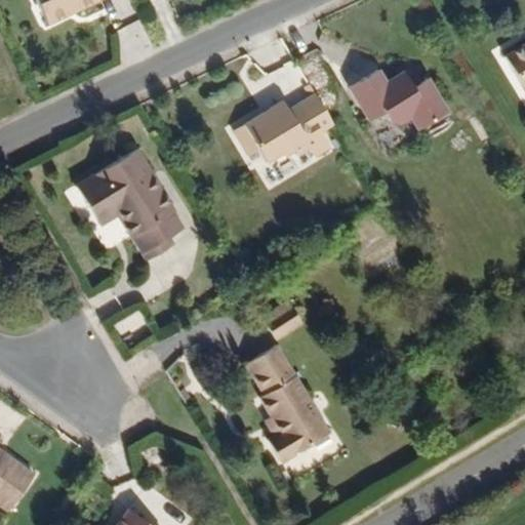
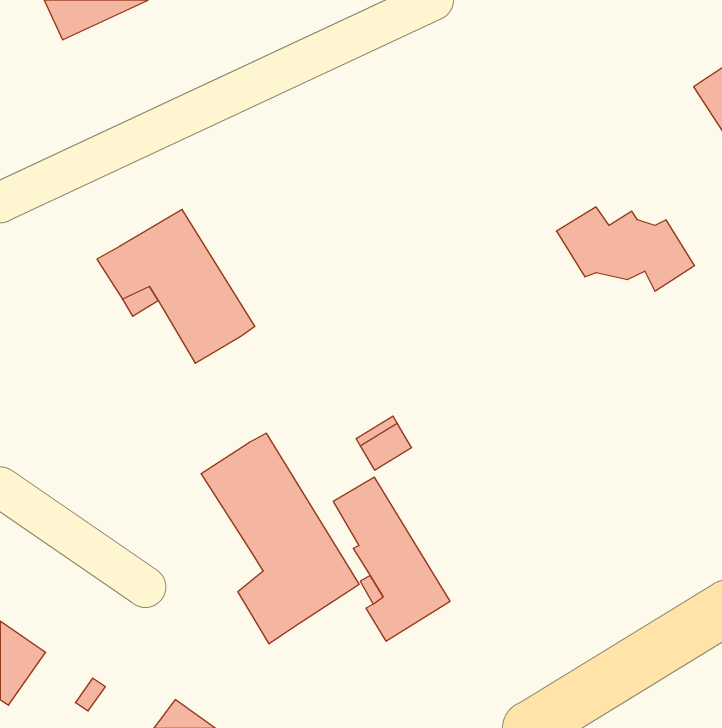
building: [364,66,463,126] -> [556,207,695,291]
building: [233,96,336,165] -> none
building: none -> [201,433,359,644]

